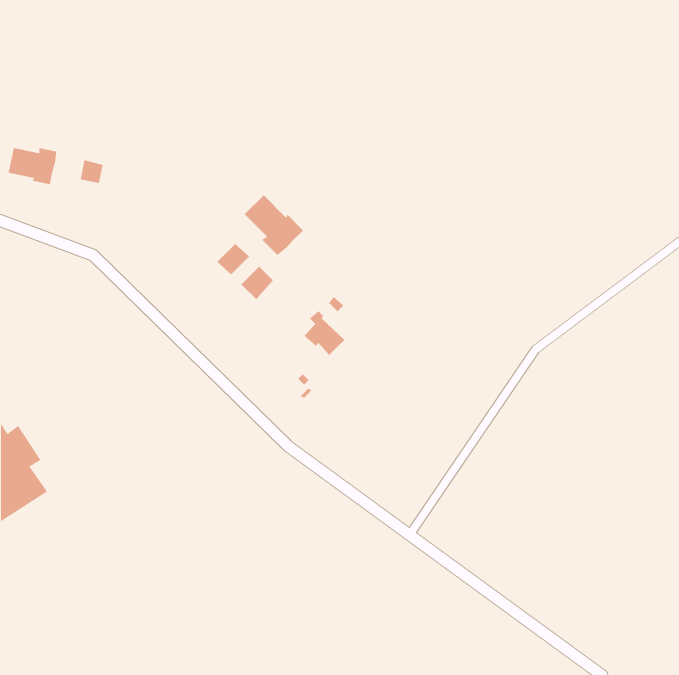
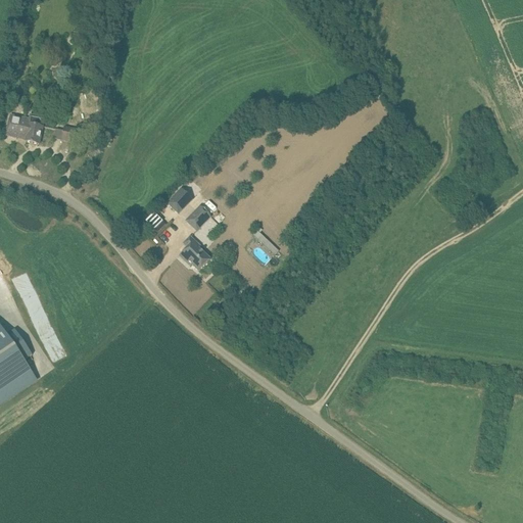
building: [244,195,304,256] -> none
building: [304,311,345,356] -> [179,235,210,270]

